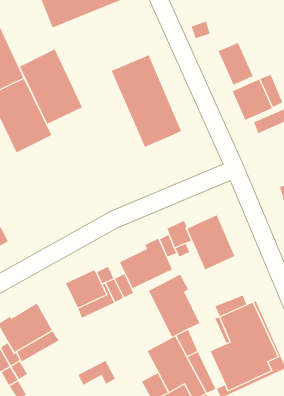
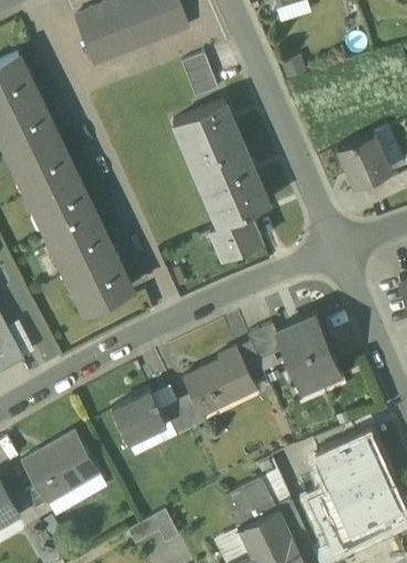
building: none -> [182,53,218,97]
building: [218,42,253,85] -> none
building: [19,49,83,125] -> [45,208,131,310]
building: none -> [209,211,261,256]
building: [148,274,200,337] -> none

